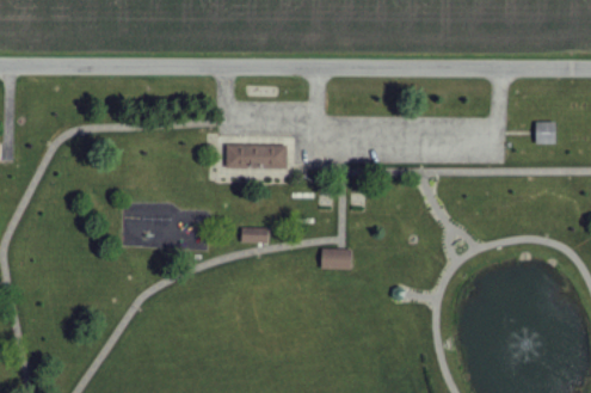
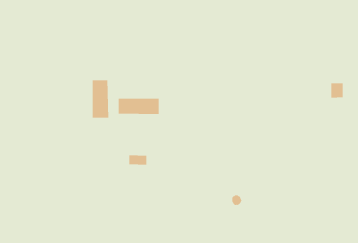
building: none -> [92,80,109,119]
building: [321,247,351,268] -> none

